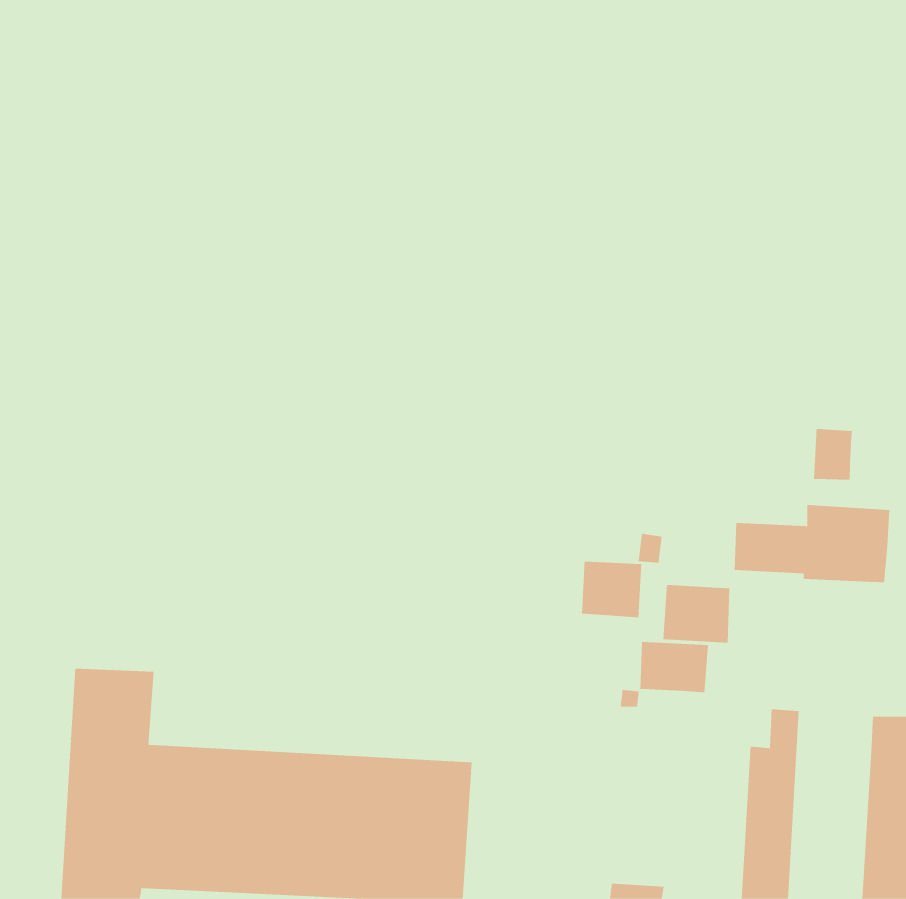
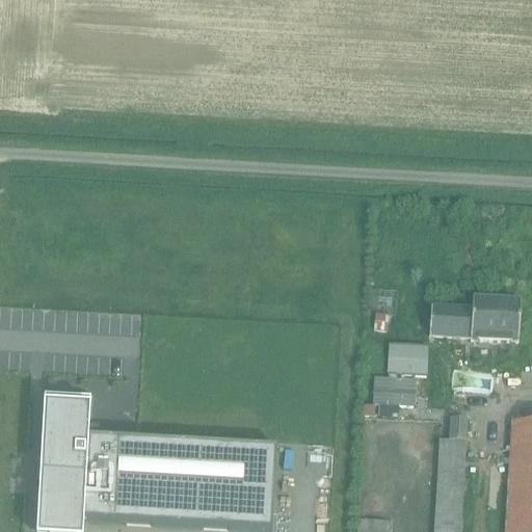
building: [813,428,853,481] -> none
building: [581,561,642,618] -> none

